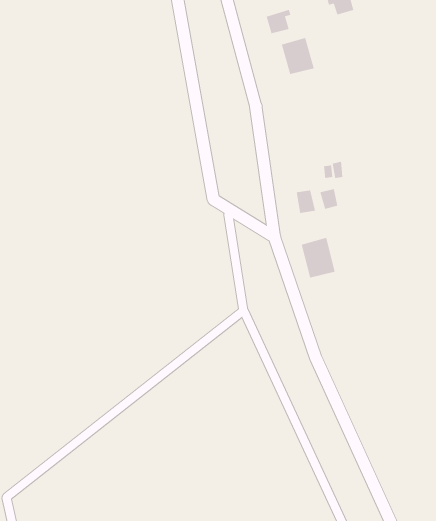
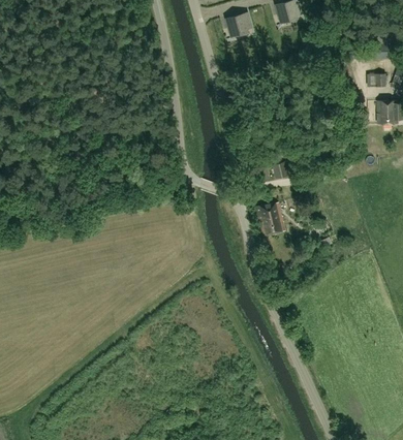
building: [281,37,315,75] -> none

